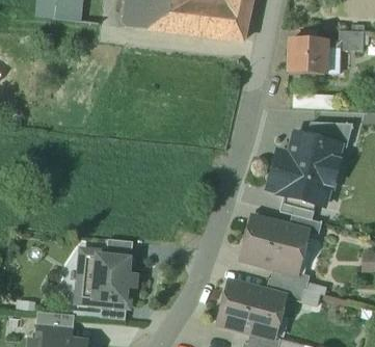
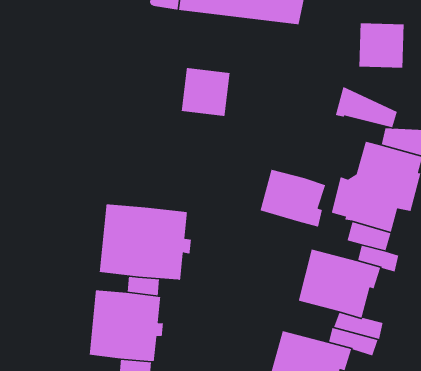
building: none -> [181,67,231,117]
building: none -> [335,86,398,128]
building: none -> [259,169,326,228]
building: none -> [99,204,192,281]

